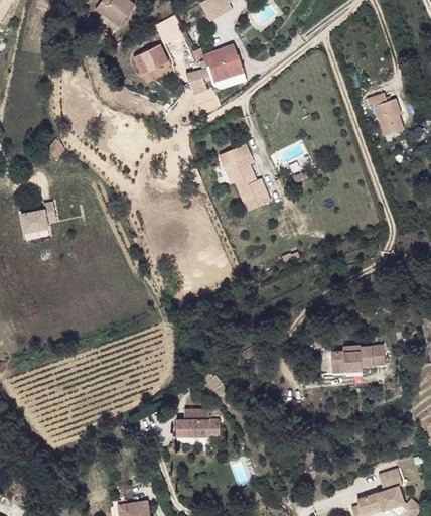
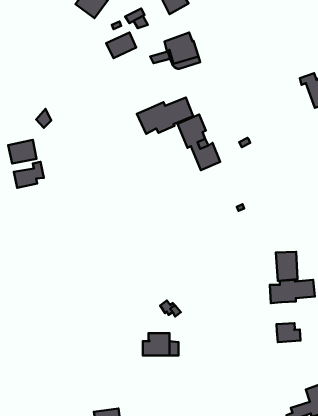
building: none -> [137,97,193,134]
building: none -> [8,140,36,164]
building: none -> [276,252,297,281]
building: none -> [277,323,301,342]

